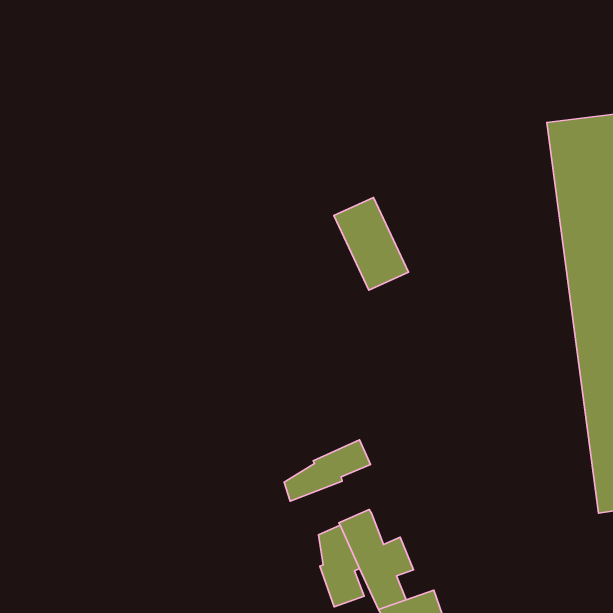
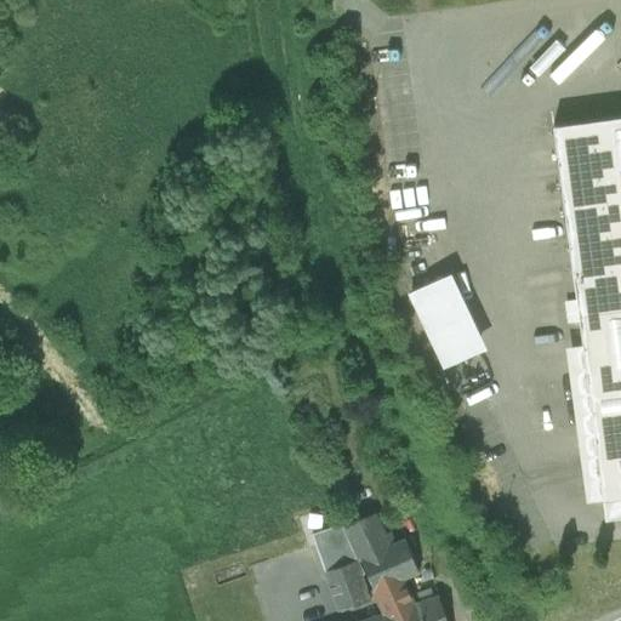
building: [334,198,408,290] -> [412,274,488,368]
building: [284,440,370,501] -> none

